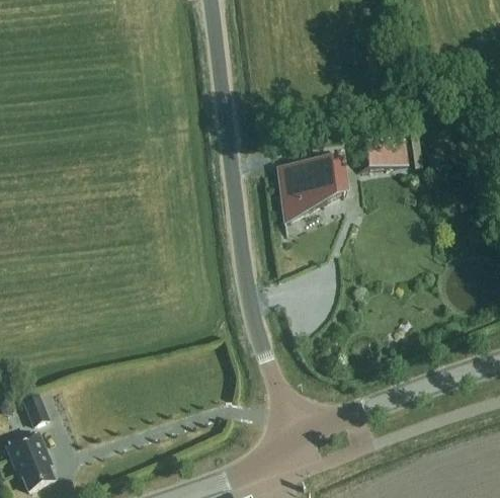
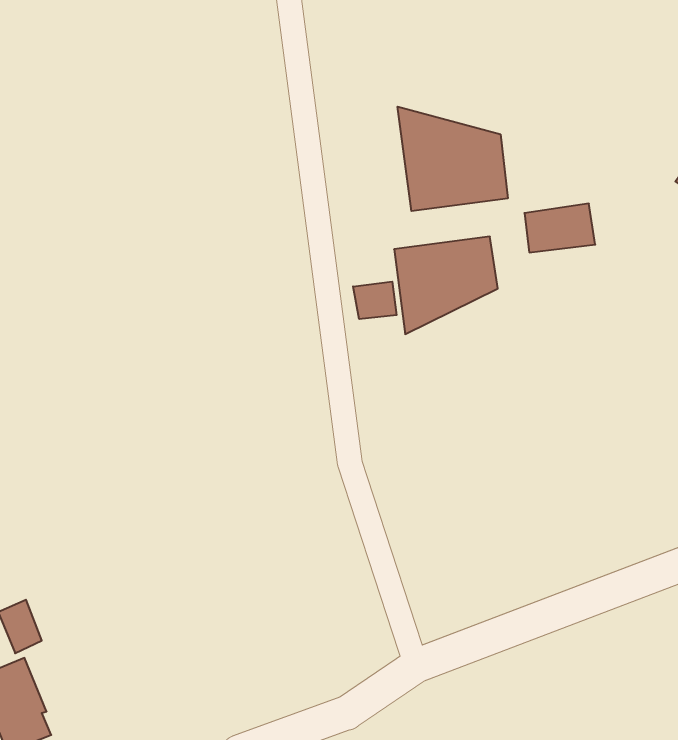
building: none -> [398,107,508,211]
building: none -> [353,282,397,319]

